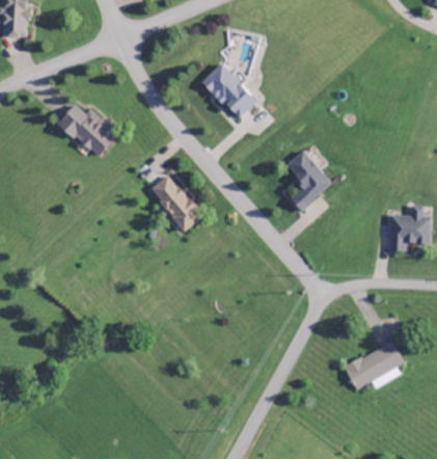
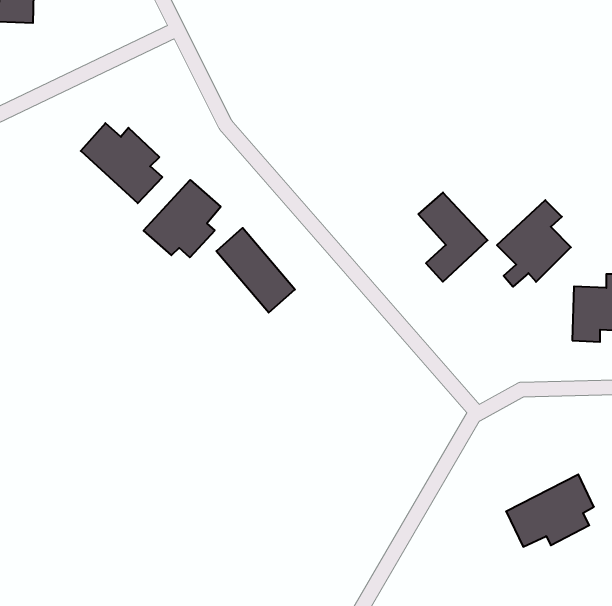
building: [202,63,257,119] -> none
building: none -> [144,180,221,257]
building: none -> [497,200,571,287]

